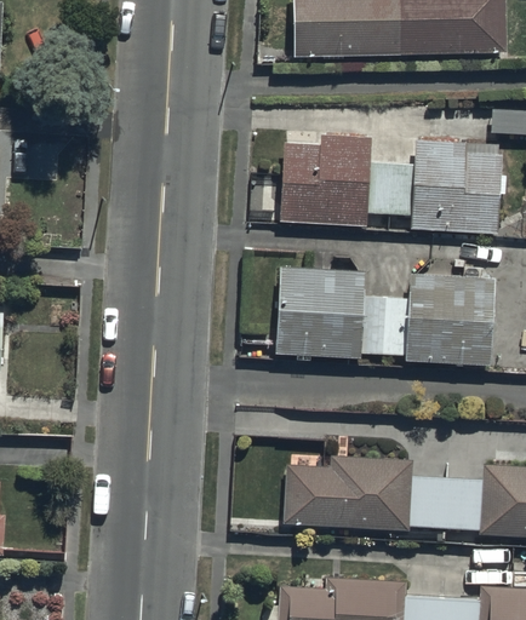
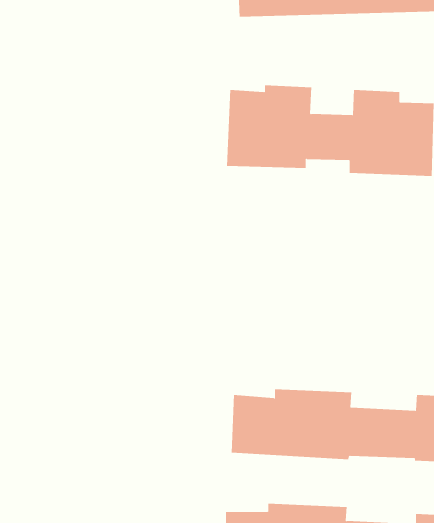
building: [275,265,493,363] -> none

